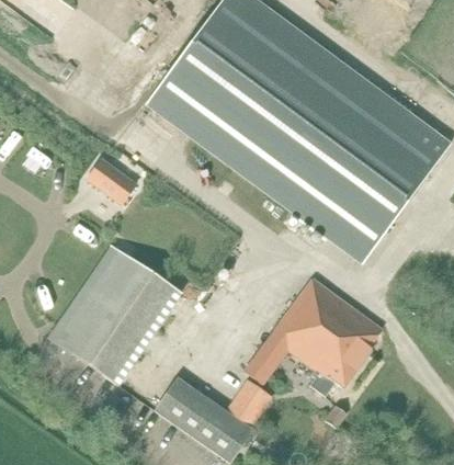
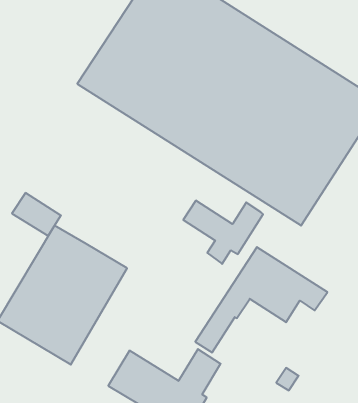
building: [87,158,136,203] -> [12,193,61,236]
building: [290,331,371,397] -> [183,201,263,264]

